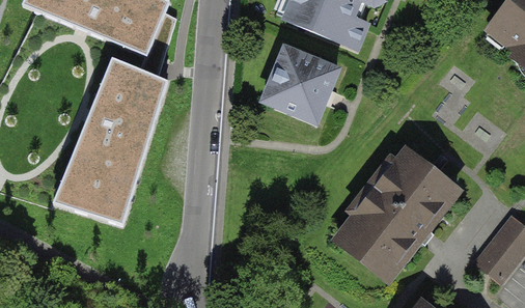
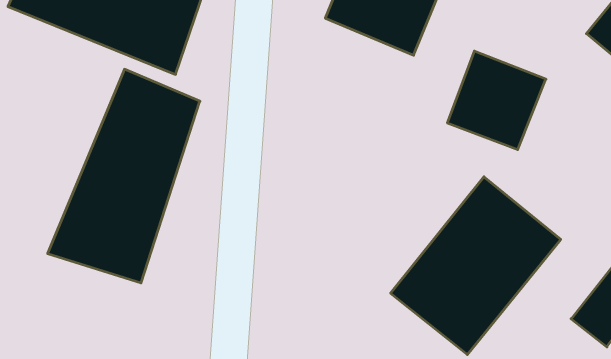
building: [264,48,343,128] -> [447,51,546,150]

